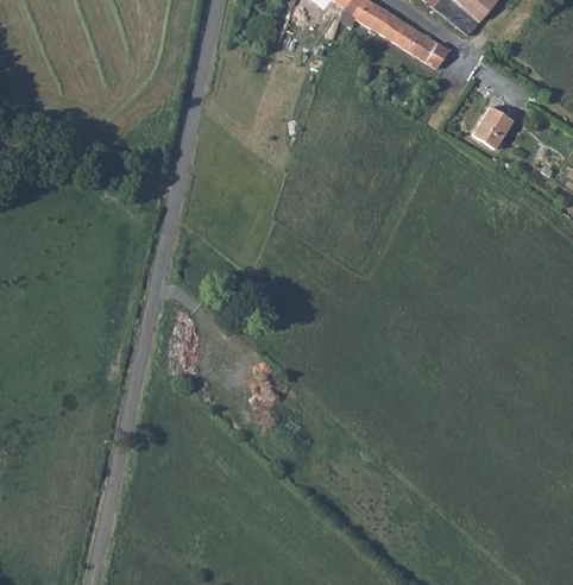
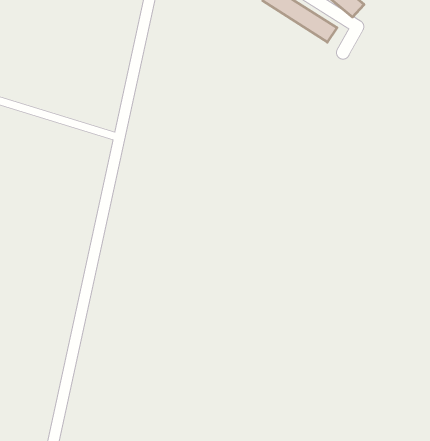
building: [473,107,511,149] -> none

